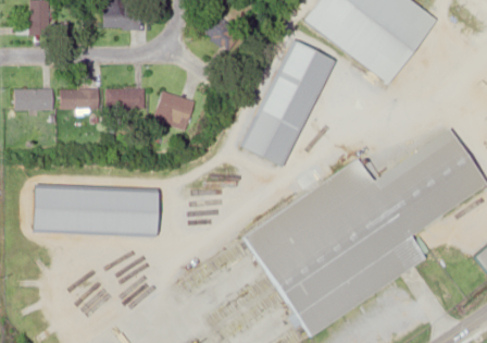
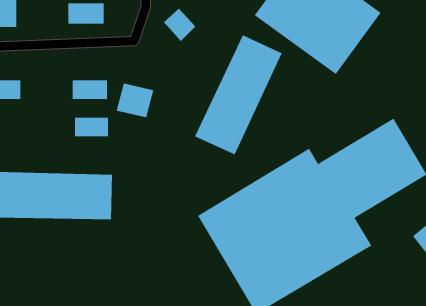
building: [63,88,100,109] -> [74,117,109,137]

